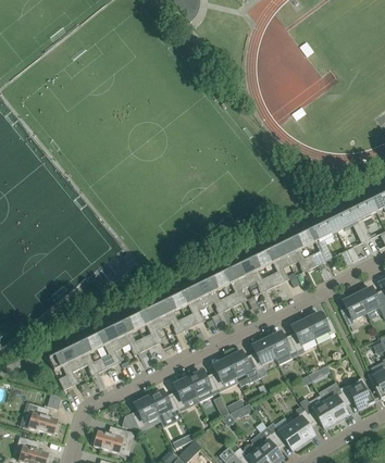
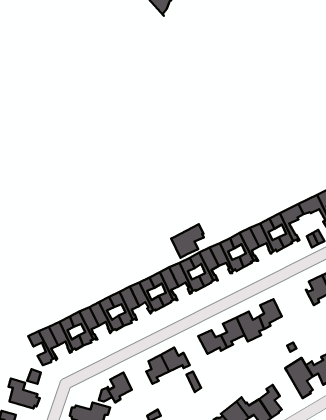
building: none -> [171,224,204,258]
building: [306,312,336,337] -> none
building: [211,358,238,391] -> none
building: [148,389,179,421] -> none
building: [305,395,336,428] -> none

